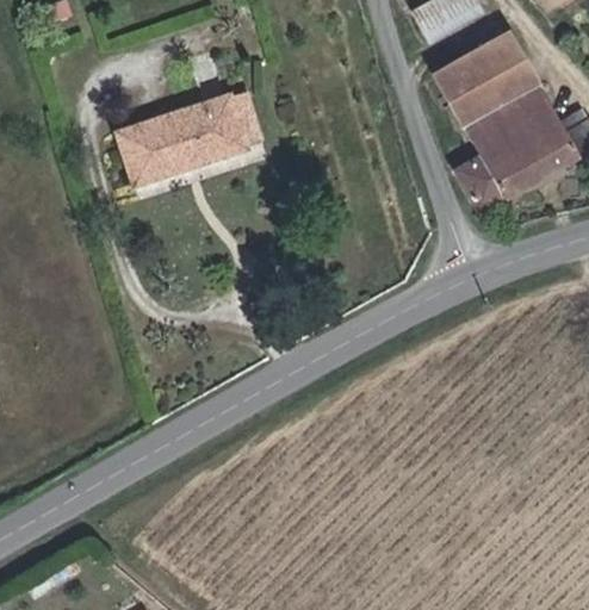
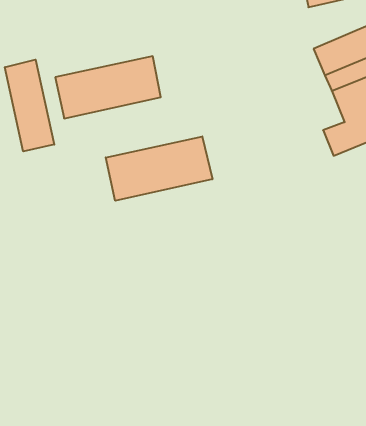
building: none -> [5,60,54,151]
building: none -> [106,136,212,201]

